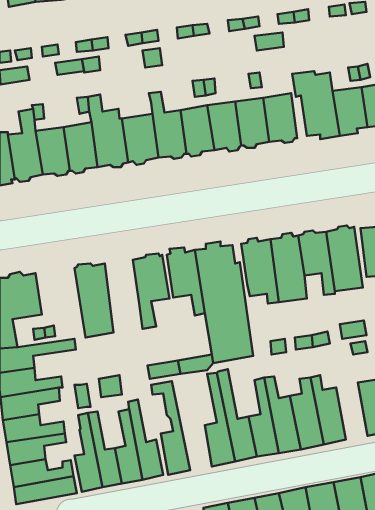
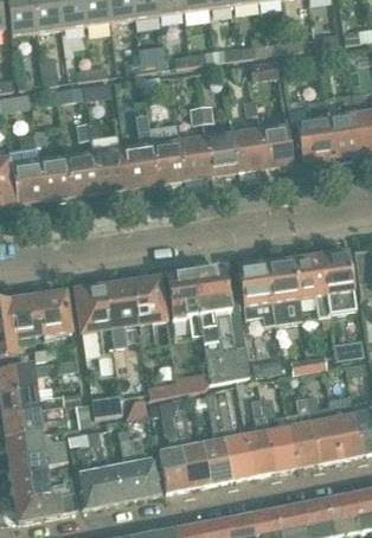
building: none -> [105,278,139,373]
building: none -> [38,288,72,334]
building: none -> [328,393,361,456]
building: none -> [171,397,210,486]

